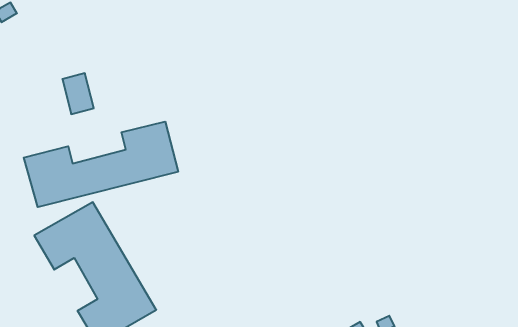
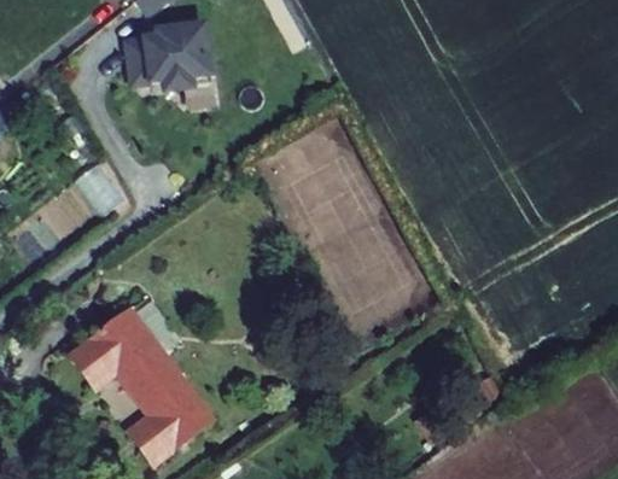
building: [24,122,178,207] -> none

